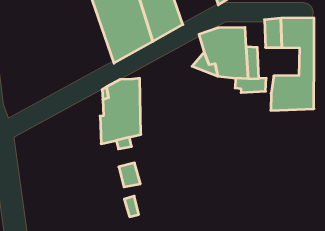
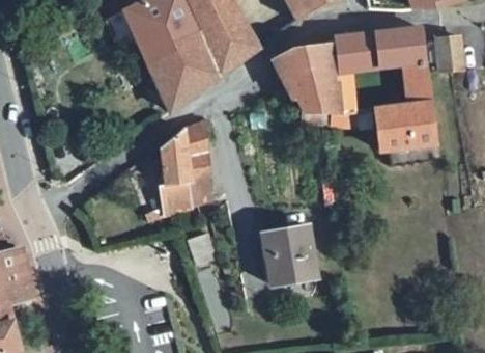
building: none -> [332,34,363,72]
building: none -> [255,228,312,288]

